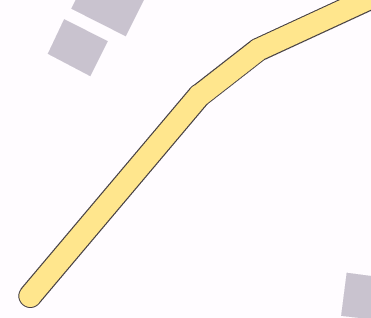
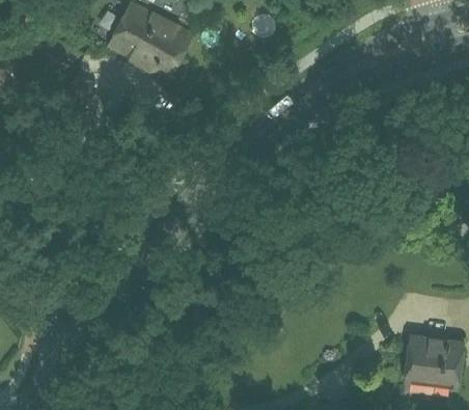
building: [47,18,109,77] -> none

